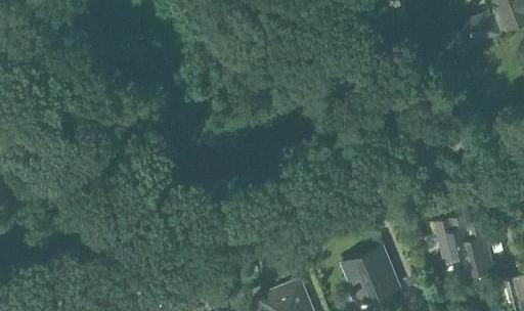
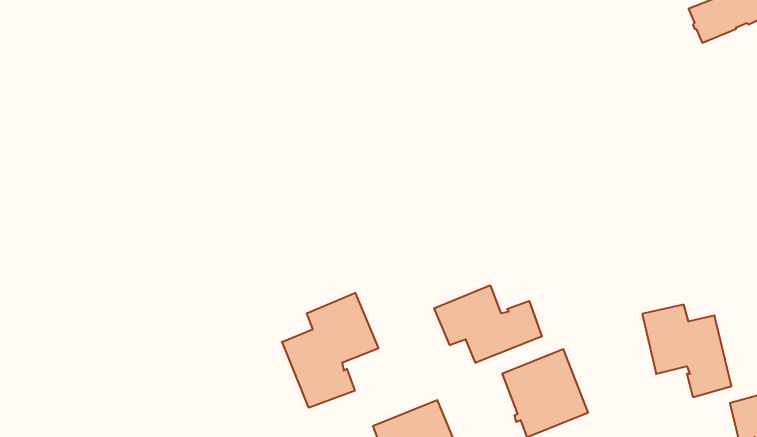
building: none -> [434,285,542,363]
building: none -> [282,293,378,408]

